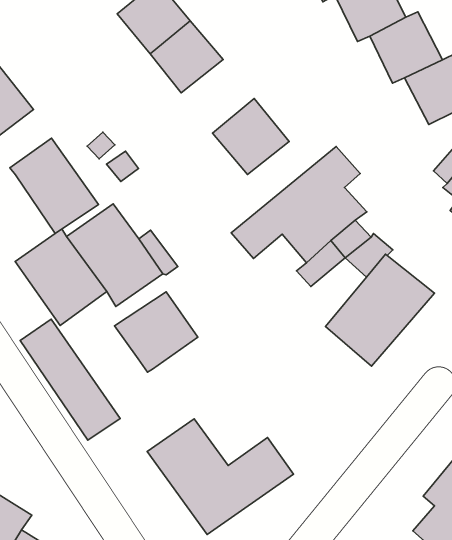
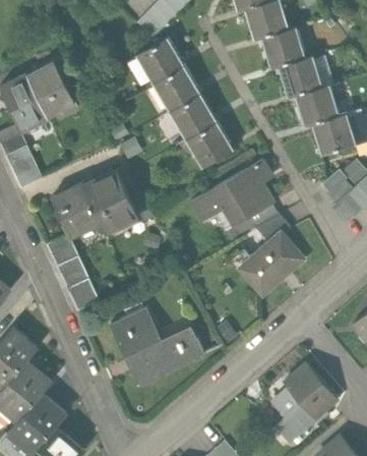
building: none -> [172,92,217,136]
building: [10,138,98,233] -> none
building: [114,292,198,372] -> none

